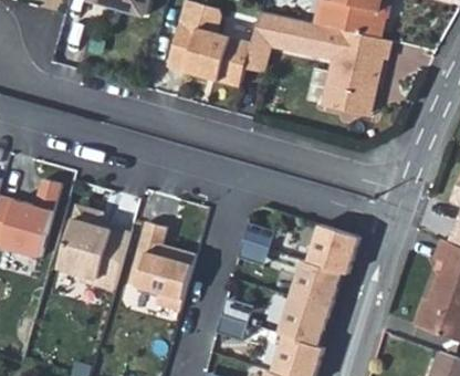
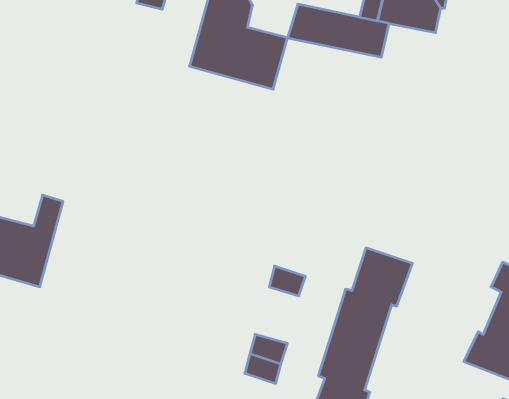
building: [323,30,390,116] -> none
building: [59,206,128,289] -> none
building: [127,221,195,311] -> none

